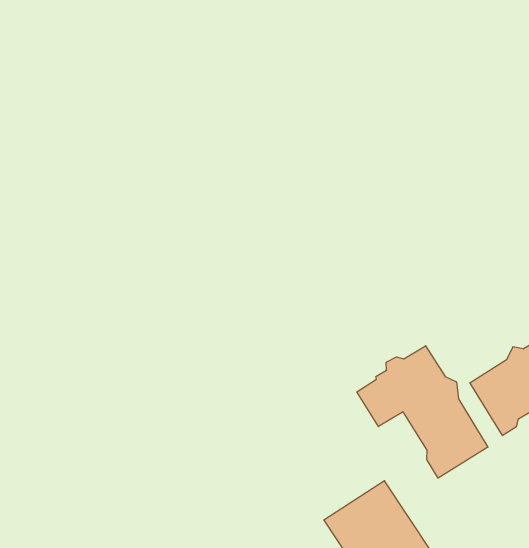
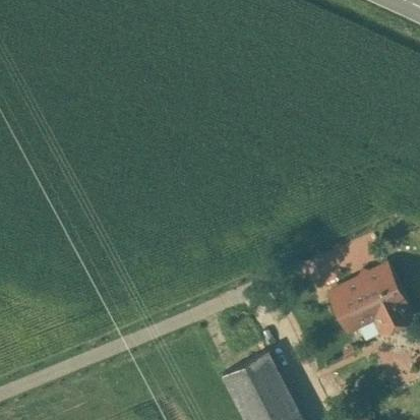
building: [357,346,488,478] -> none

